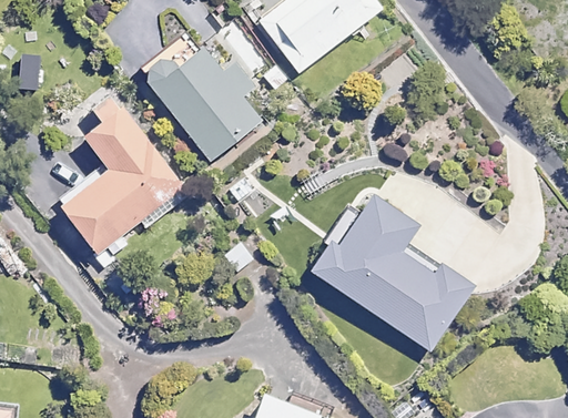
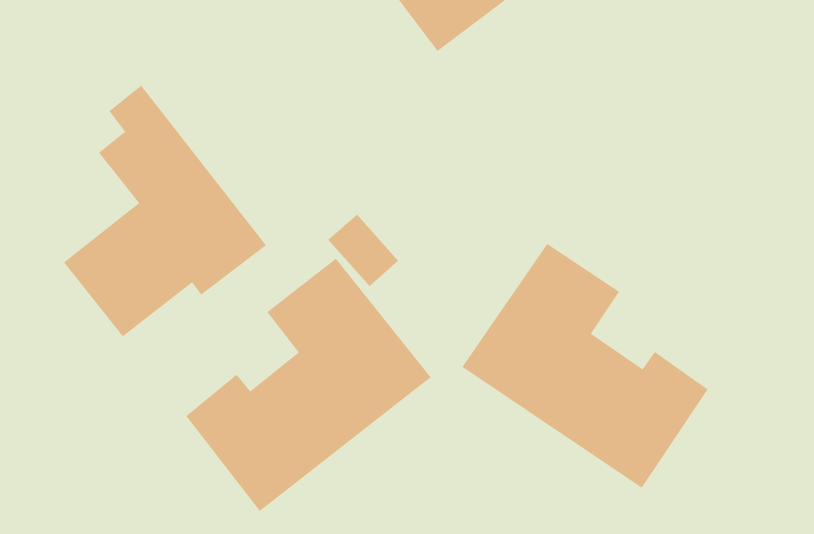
building: [140,48,260,161] -> none
building: none -> [186,258,432,512]

